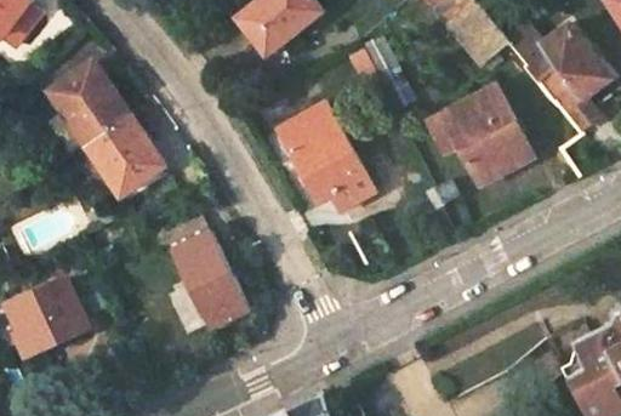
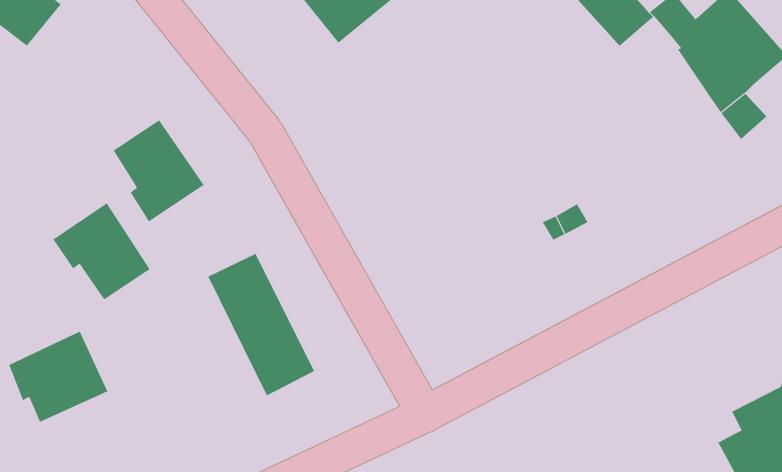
building: [49,63,125,139] -> [53,202,151,300]
building: [428,89,531,187] -> none
building: [275,103,375,210] -> none

